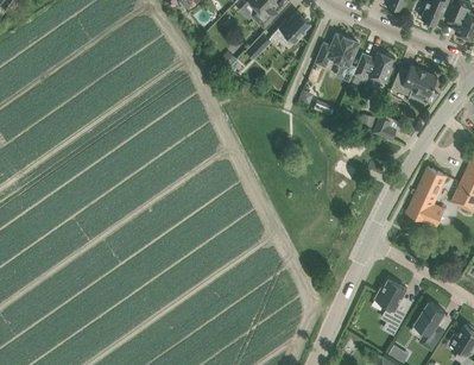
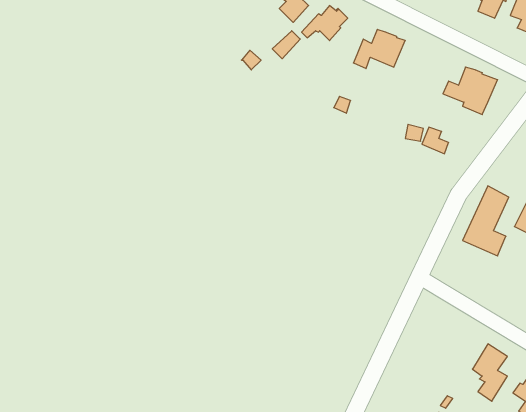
building: [352,54,392,83] -> none
building: [374,279,406,334] -> none

